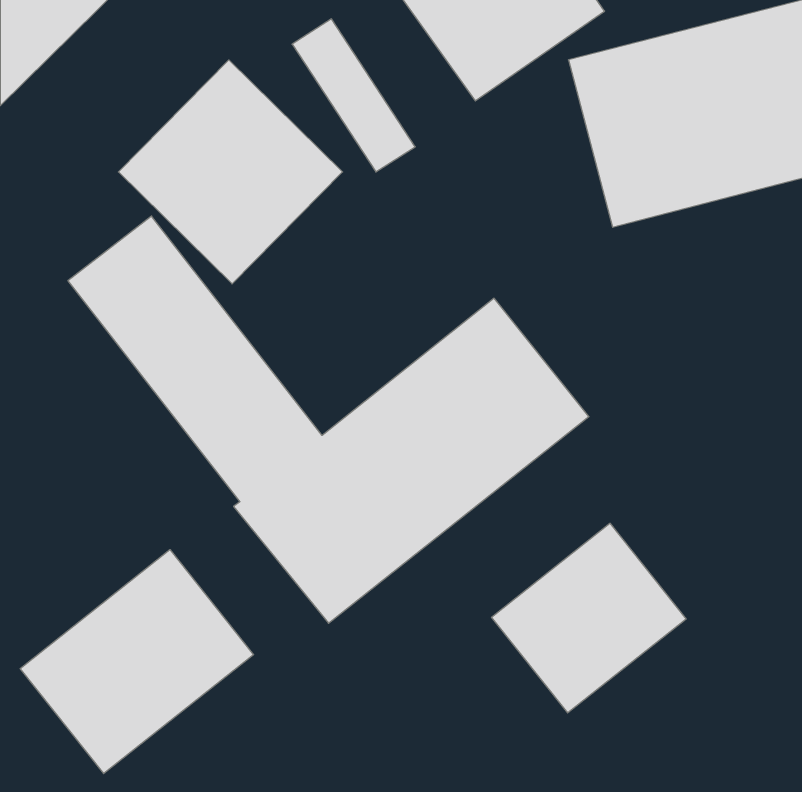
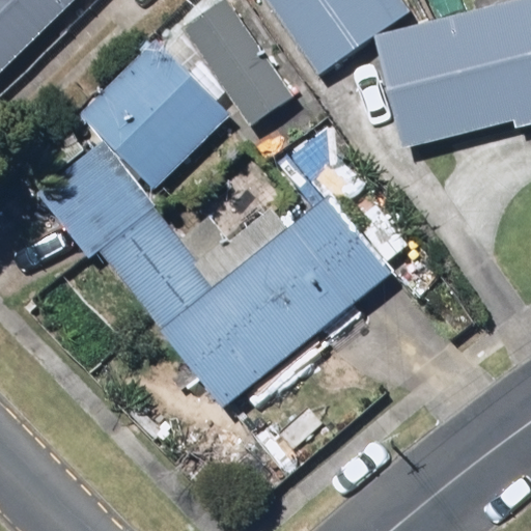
building: [492,523,686,713] -> none
building: [20,550,254,774] -> none

